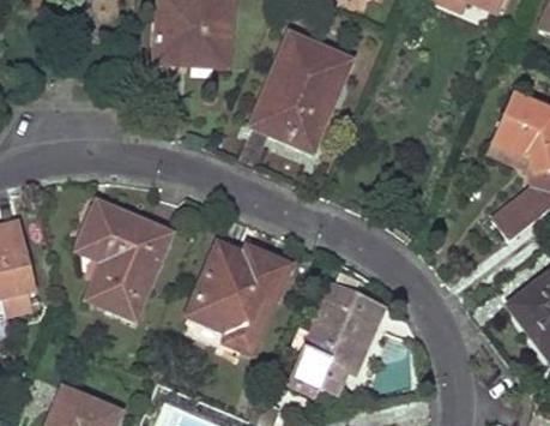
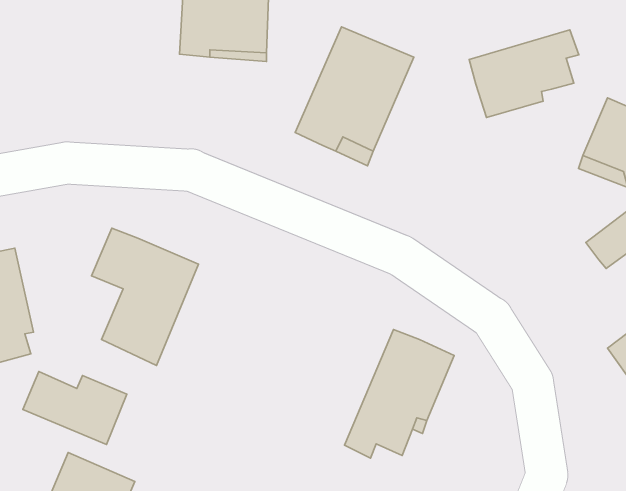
building: none -> [469,30,579,118]
building: [188,245,288,352] -> none
building: none -> [23,371,127,445]

